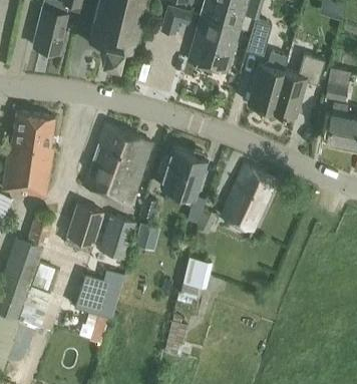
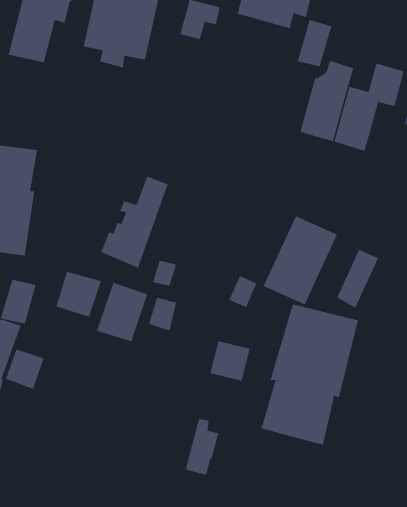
building: [188,17,253,74] -> none
building: [84,123,135,193] -> none
building: [160,146,208,198] -> none
building: none -> [336,249,379,308]
building: none -> [261,303,359,446]
building: [73,249,124,330] -> none

